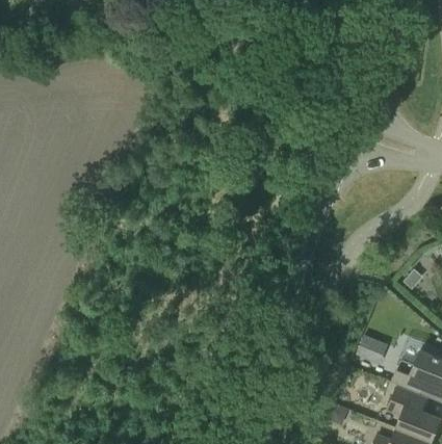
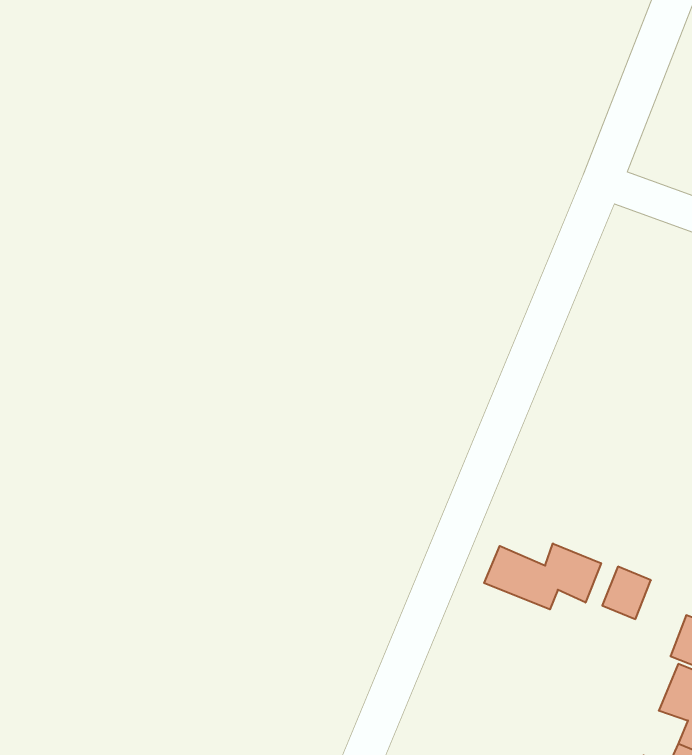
building: none -> [484,543,601,609]

